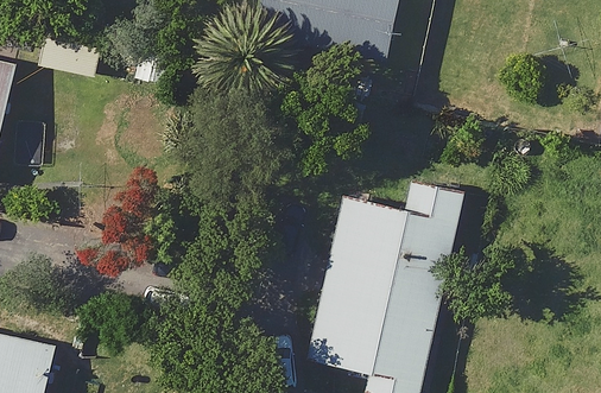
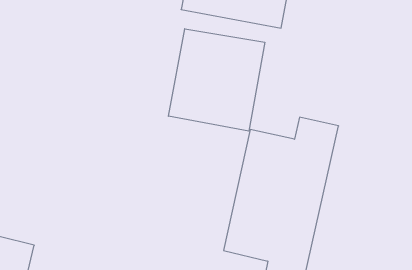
building: none -> [168,29,265,131]

